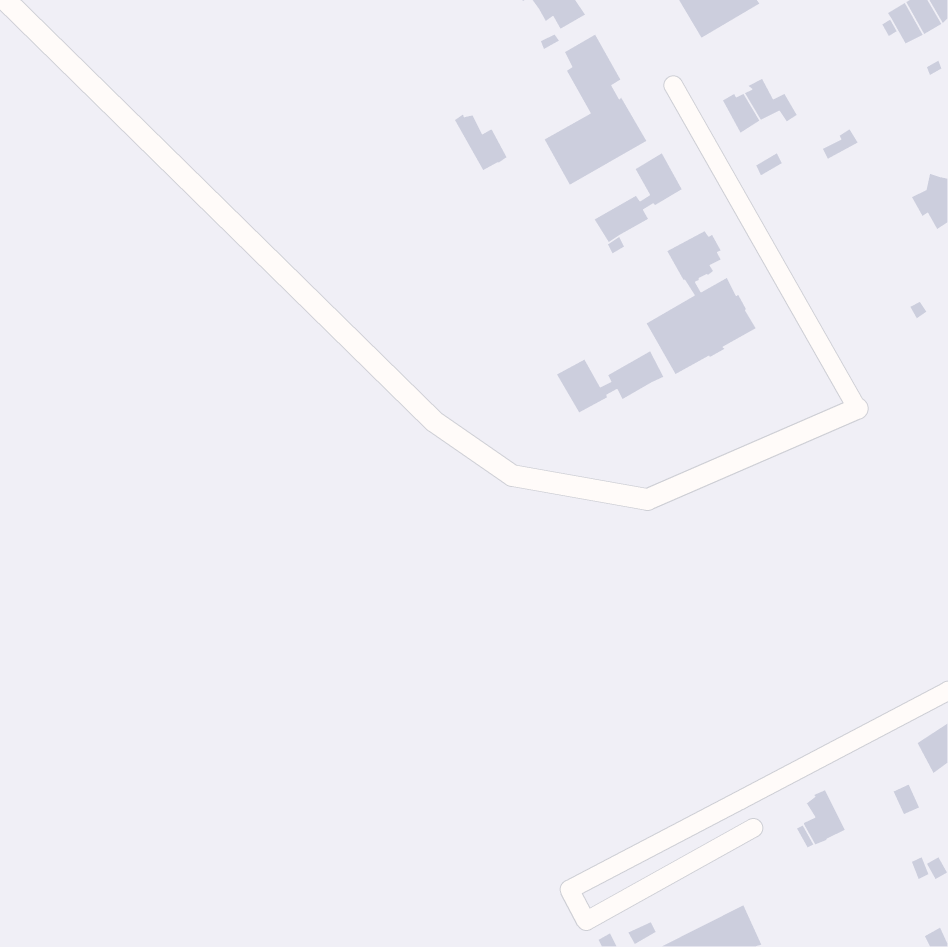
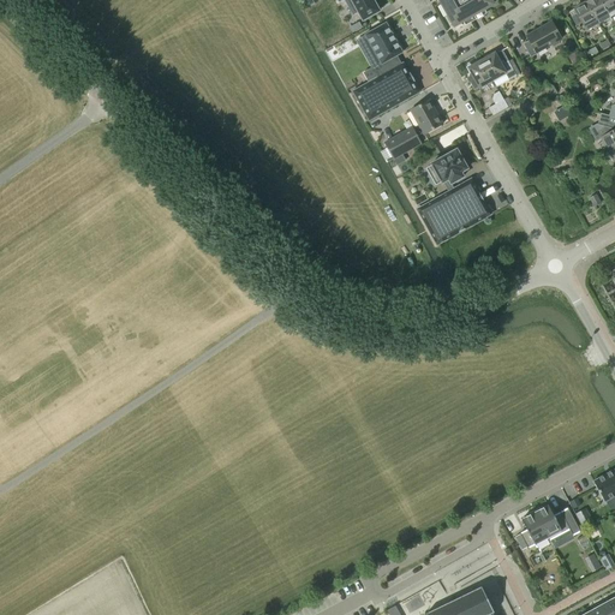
building: none -> [523,20,561,56]
building: [454,113,509,171] -> none
building: [556,350,665,414] -> none
building: none -> [535,504,580,539]

